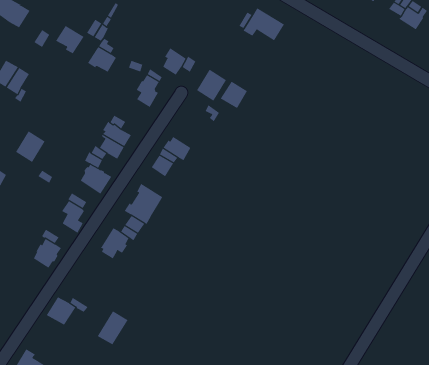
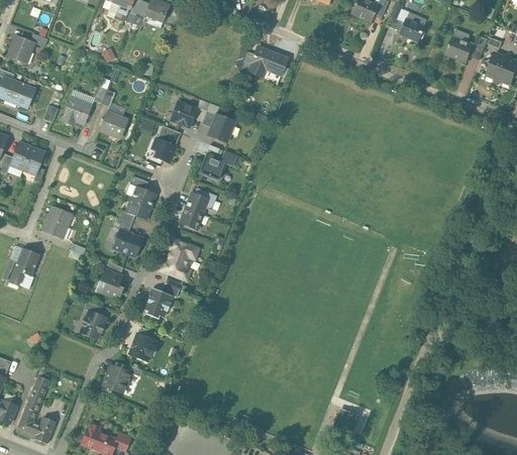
building: [220,81,248,109] -> [199,153,225,180]
building: [97,310,128,345] -> [129,326,158,360]

